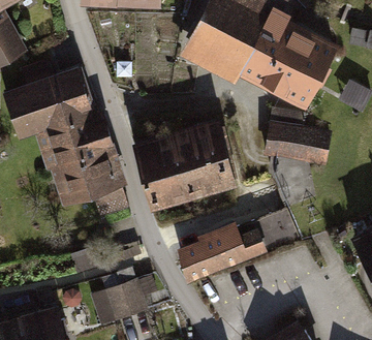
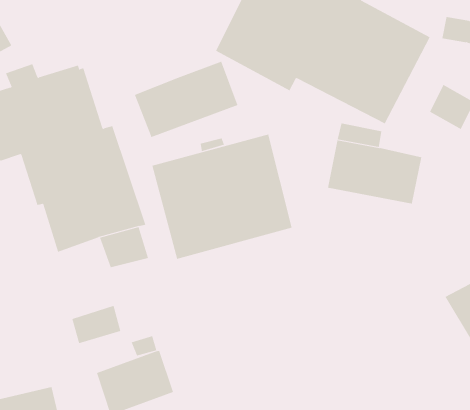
building: none -> [134,61,238,138]
building: [176,212,300,285] -> none

